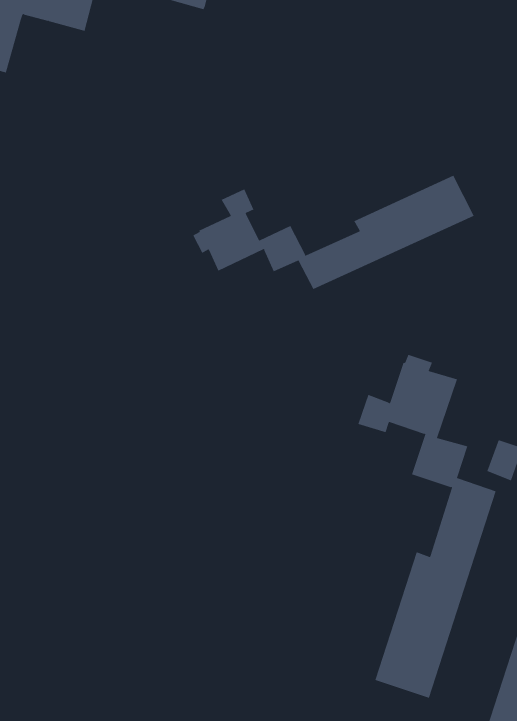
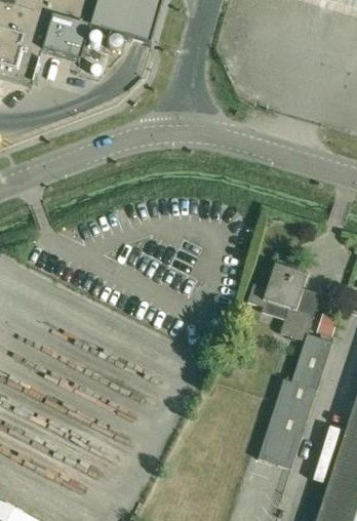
building: [193,175,474,290] -> none

